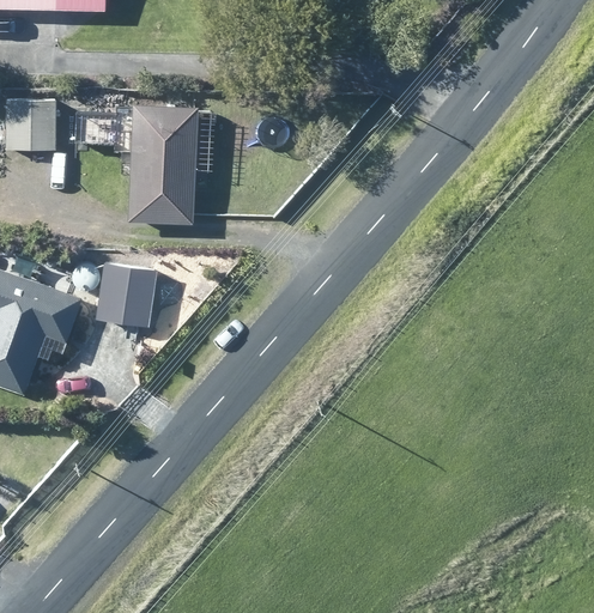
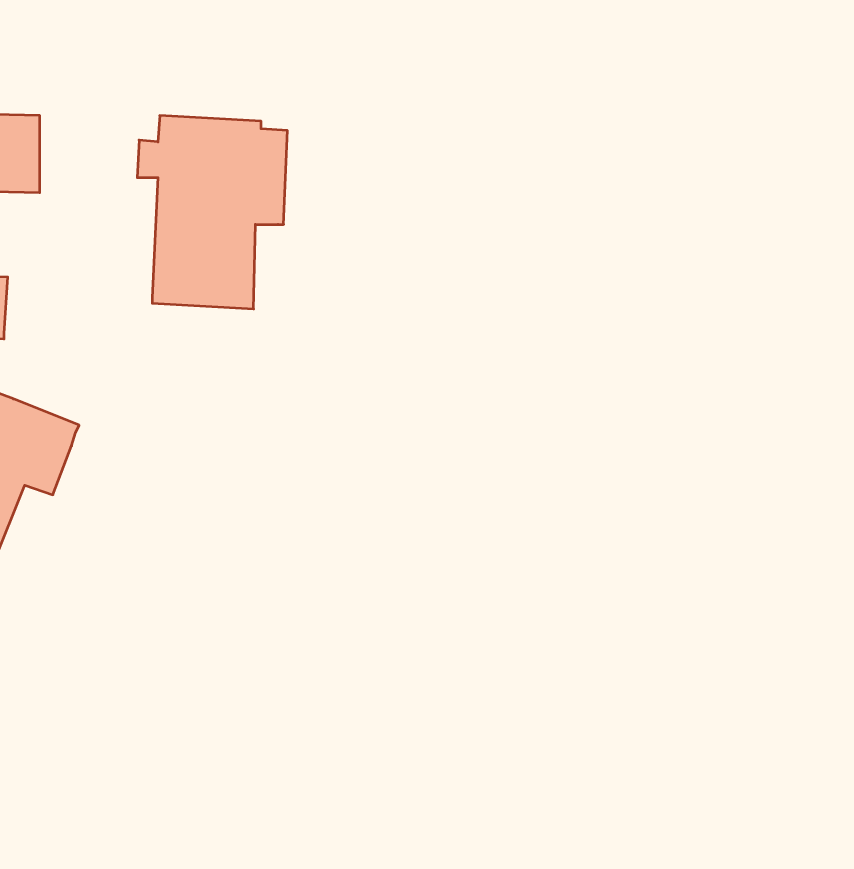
building: [95,263,156,328] -> none

